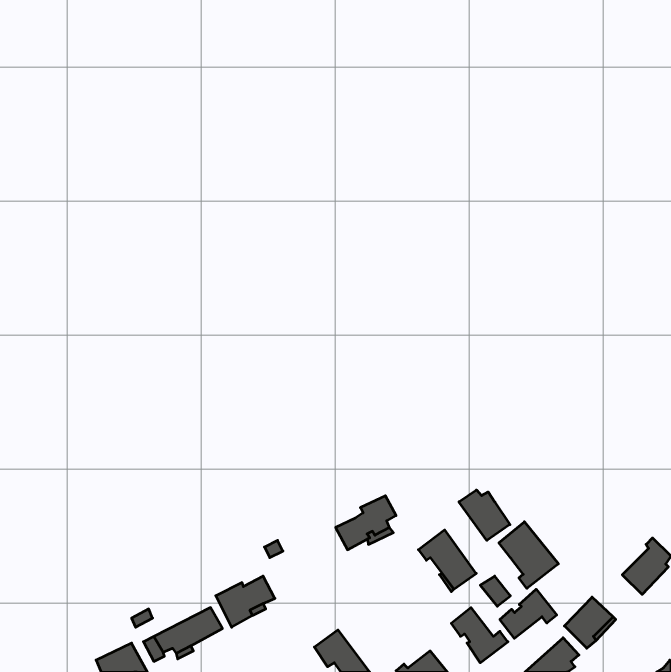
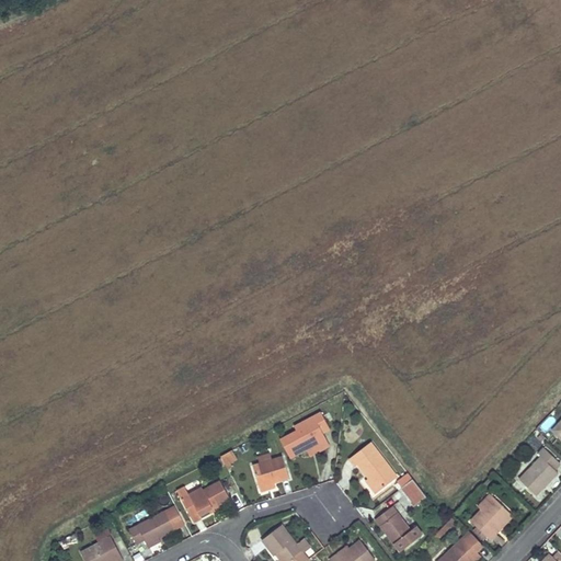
building: [459,490,510,540] -> none
building: [499,522,558,588] -> none
building: none -> [252,456,288,488]
building: [500,589,557,638] -> none

